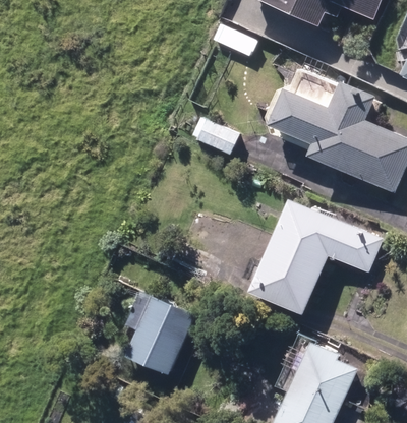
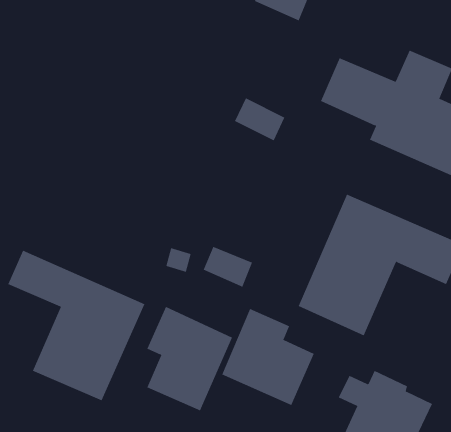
building: none -> [8,250,145,401]
building: none -> [222,308,314,406]

